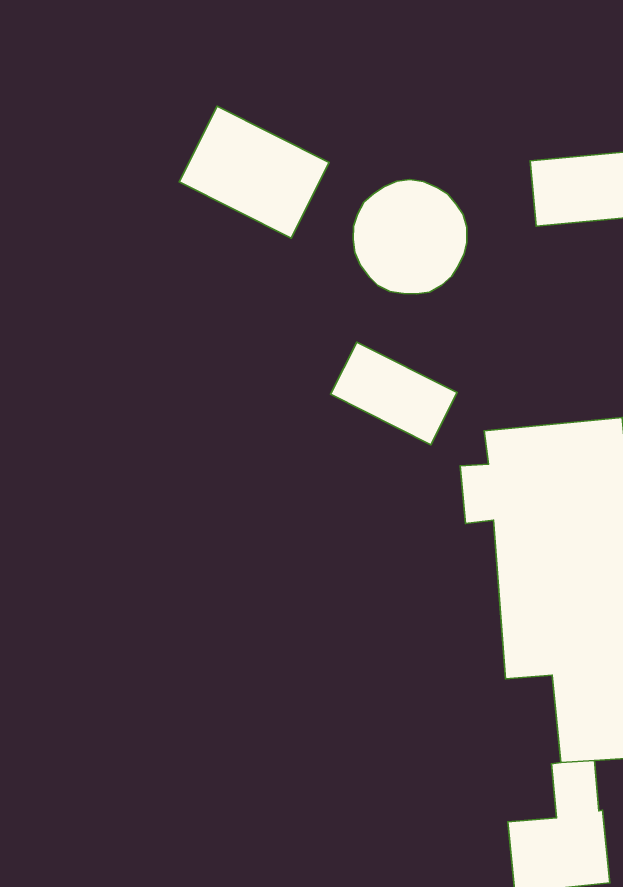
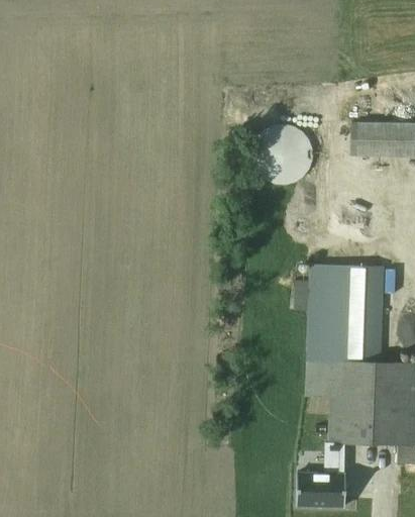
building: [179,106,329,238] -> none
building: [330,342,457,445] -> none

